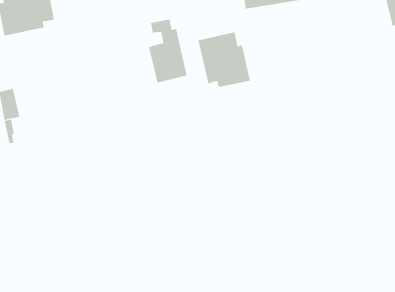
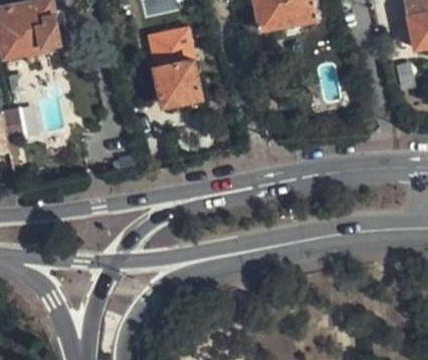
building: [198,31,250,88] -> none

